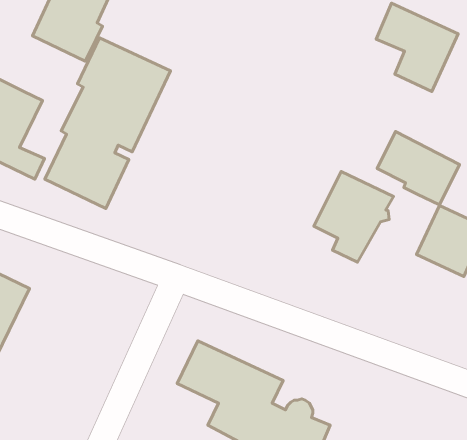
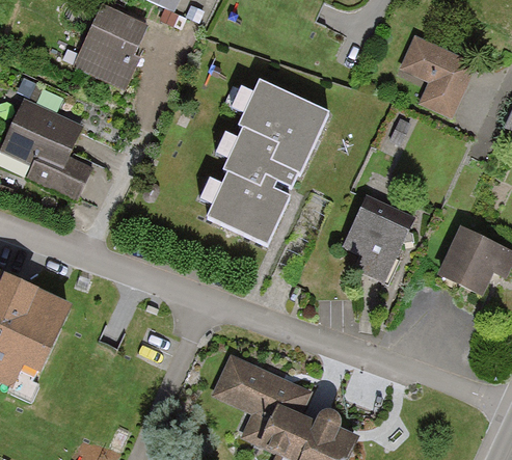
building: [45,38,171,209] -> [208,80,327,242]
building: [377,132,460,205] -> none

